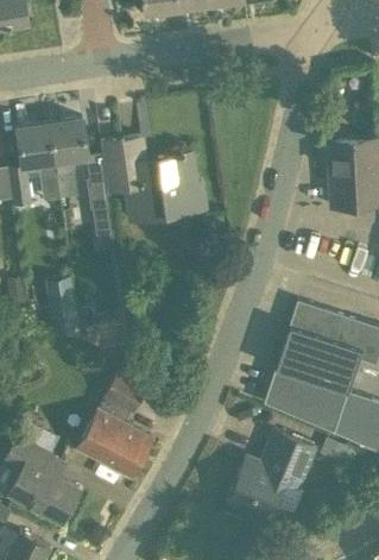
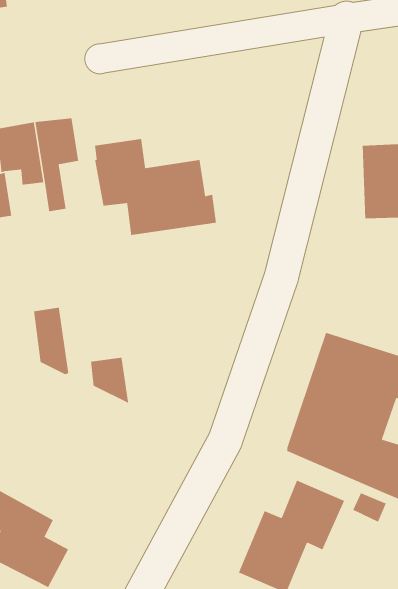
building: [86,156,114,246] -> none
building: [77,372,152,478] -> none

